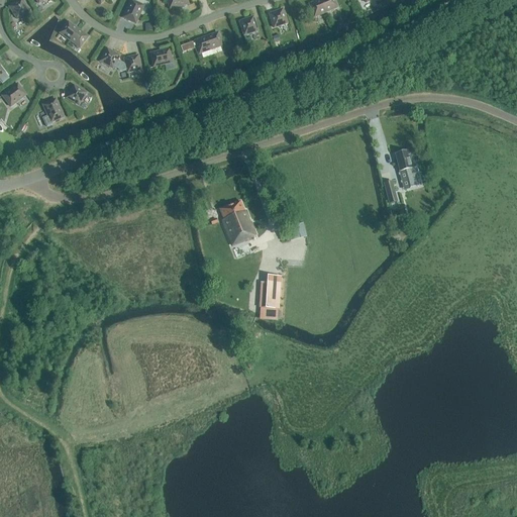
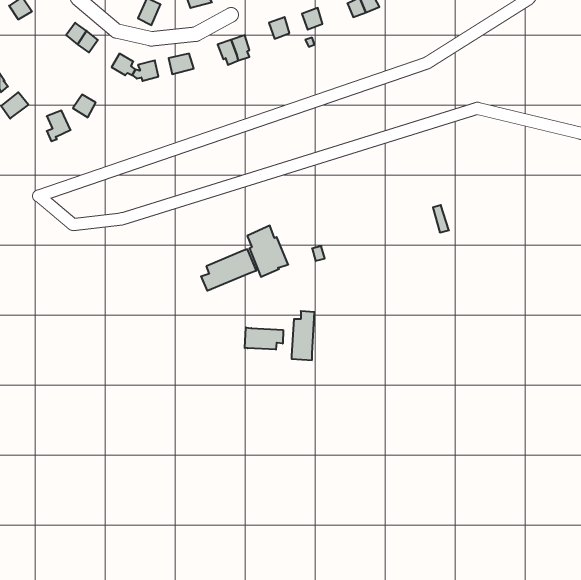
building: [394,151,421,188] -> none
building: none -> [201,249,256,291]
building: none -> [245,327,283,350]

